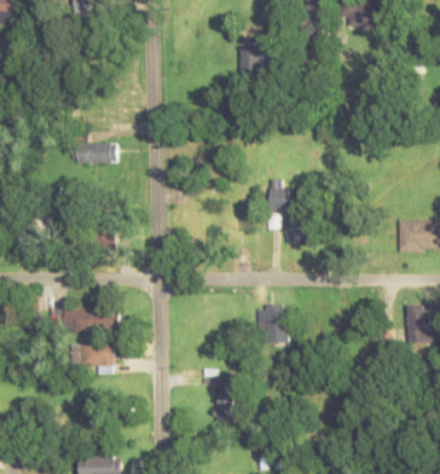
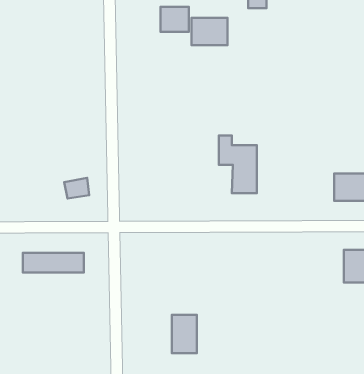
building: none -> [161,7,189,32]
building: [74,144,117,162] -> none
building: [255,304,286,342] -> none
building: [76,342,114,372] -> none

